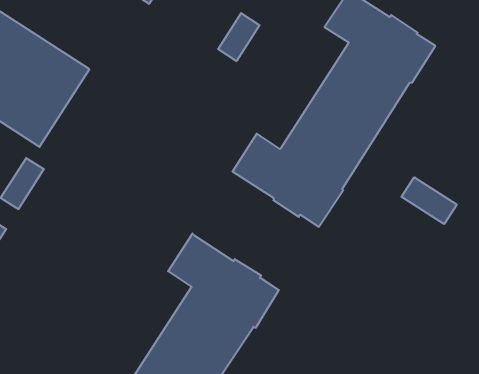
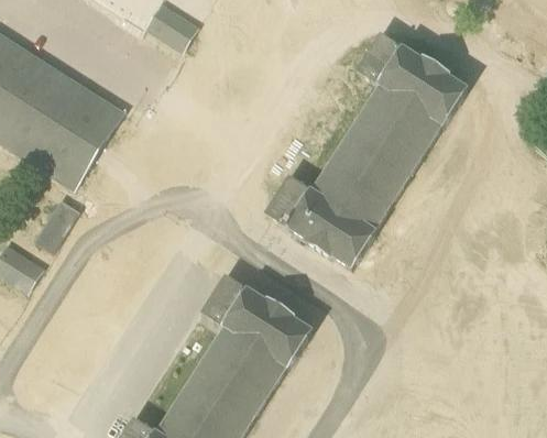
building: [218,13,259,61] -> none
building: [401,177,457,224] -> none

